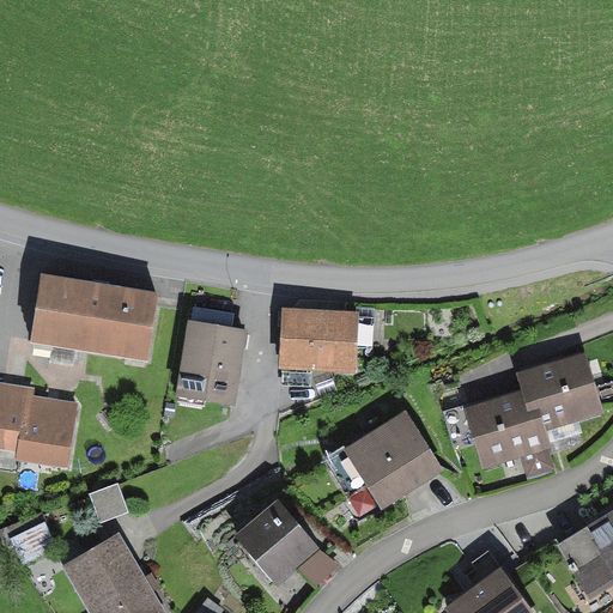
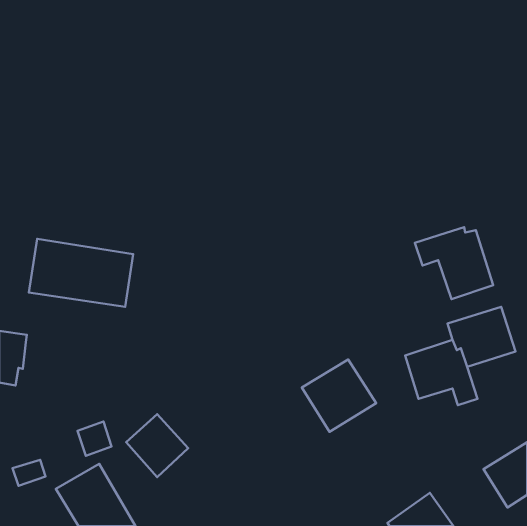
building: none -> [415,227,493,299]
building: [283,310,354,366] -> none
building: [178,322,242,400] -> none
building: [17,396,74,463] -> none
building: [239,505,311,578] -> [126,414,188,477]

